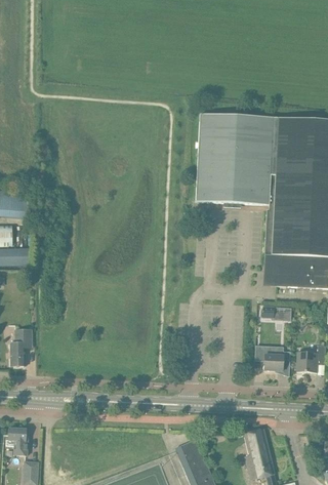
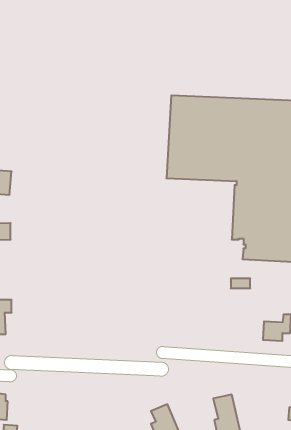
building: [262,351,290,370] -> none

